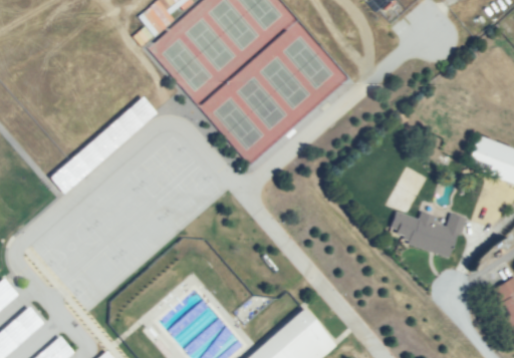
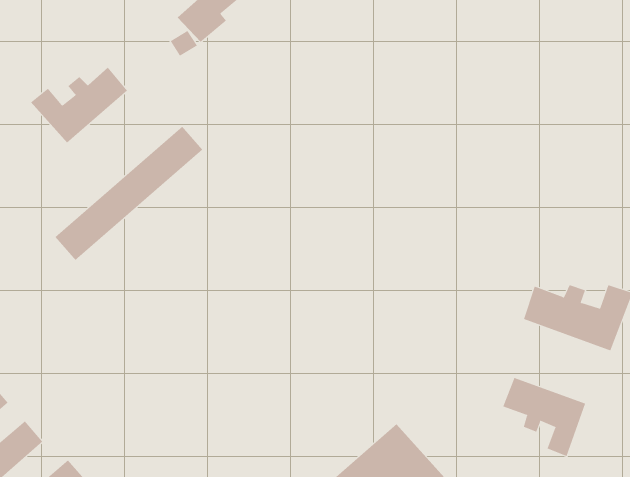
building: none -> [30,67,128,144]
building: none -> [503,377,586,457]

